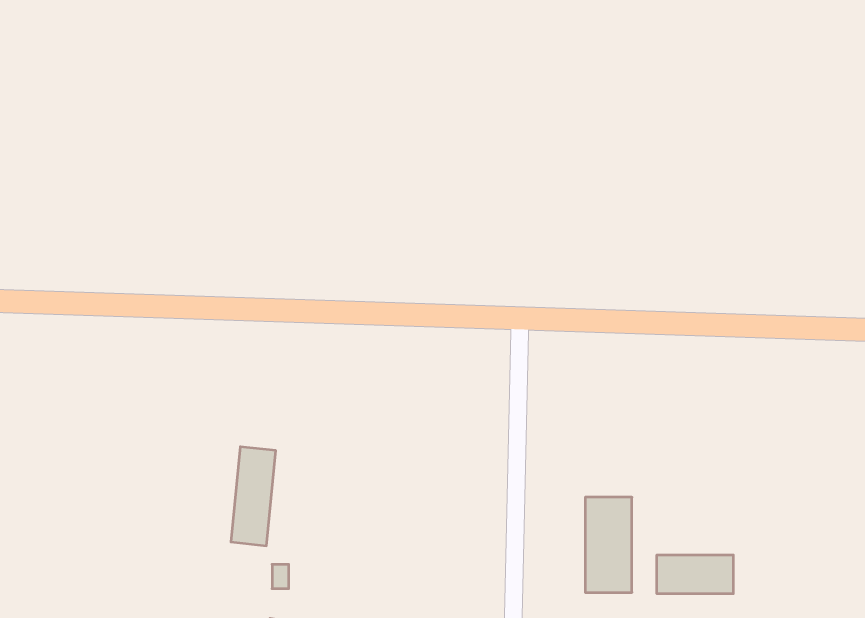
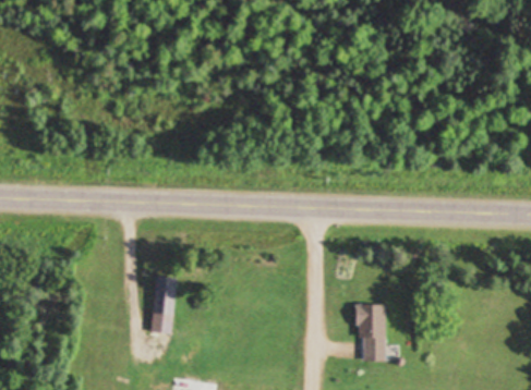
building: [657,555,733,594] -> none

